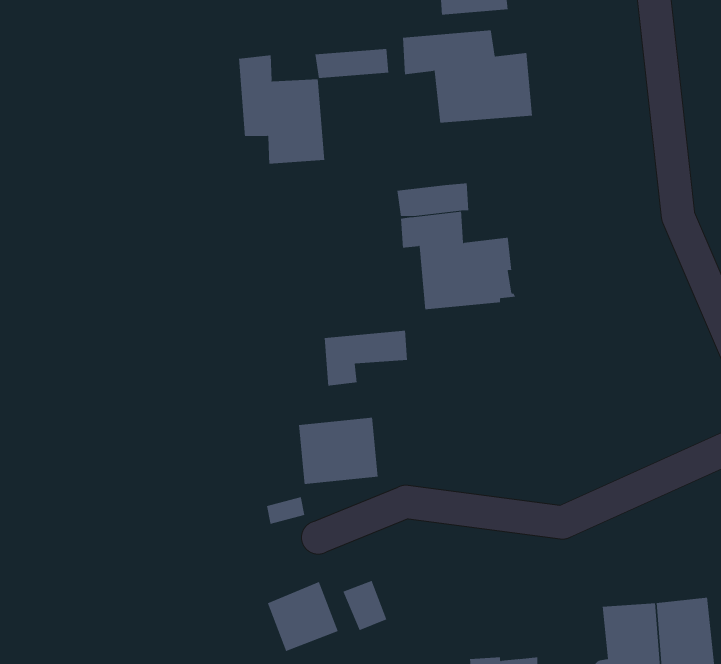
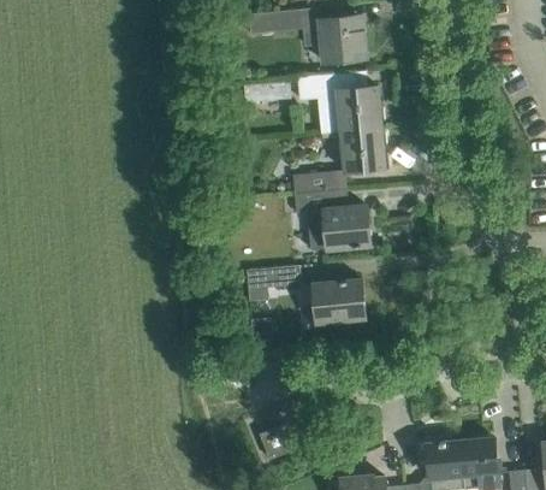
building: [238,54,325,165] -> none
building: none -> [321,126,385,171]
building: [298,417,378,484] -> [313,278,364,321]
building: [267,581,338,652] -> none

